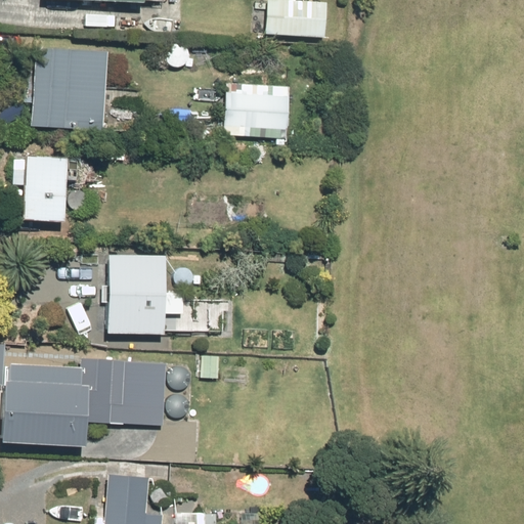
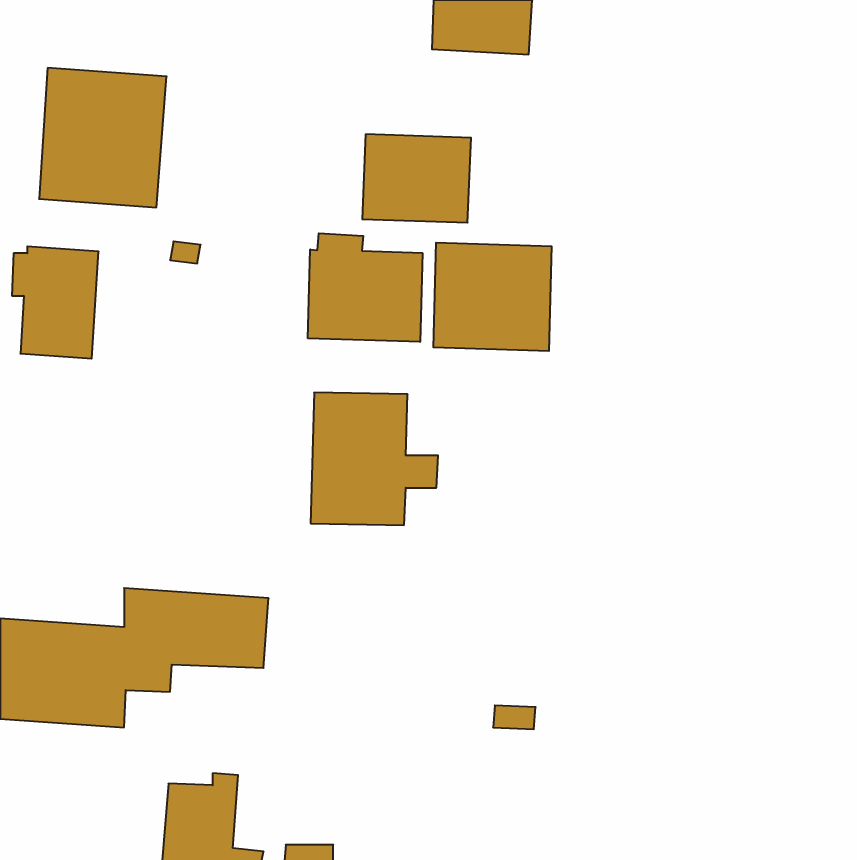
building: none -> [308,233,422,342]
building: none -> [433,243,552,351]
building: [105,255,182,335] -> [311,393,438,525]

